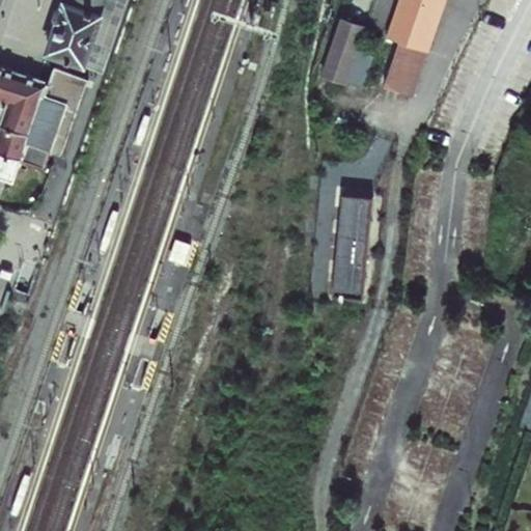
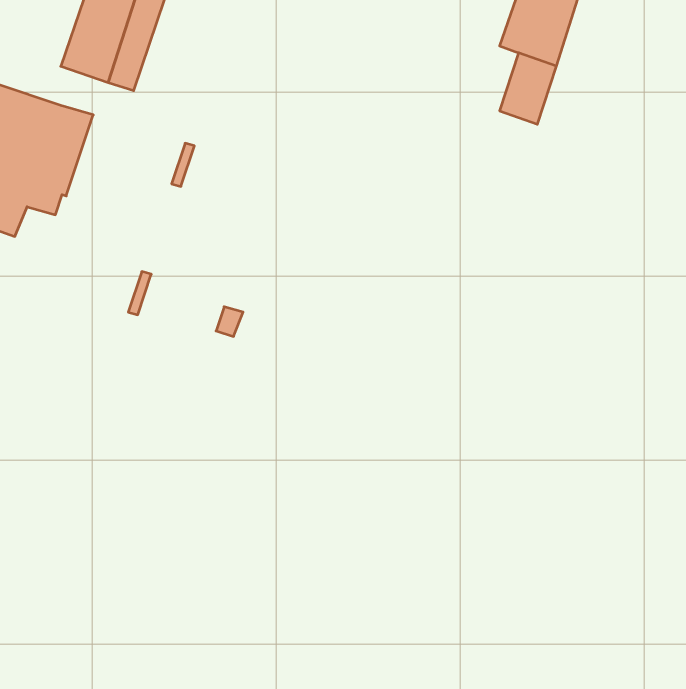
building: [323,19,372,86] -> none
building: [47,65,86,153] -> none
building: [330,193,371,298] -> none

